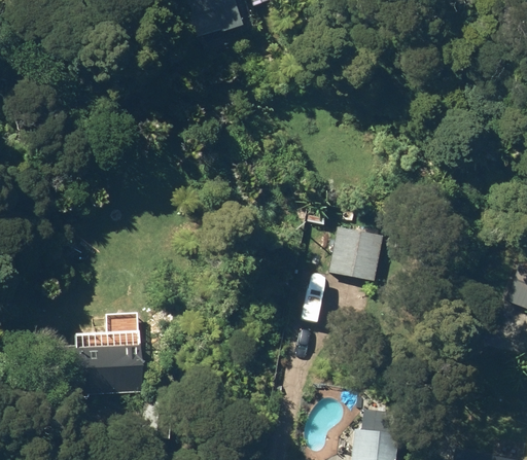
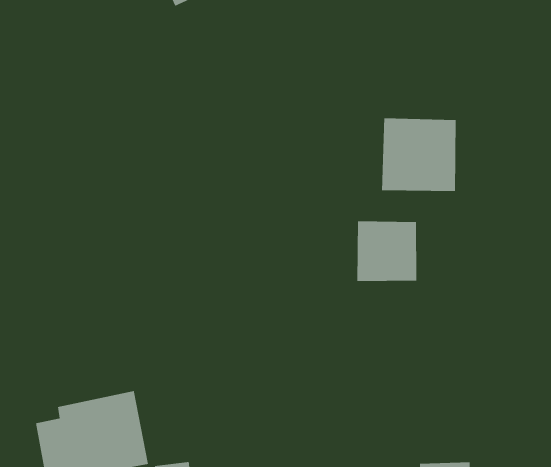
building: none -> [382,117,456,192]

